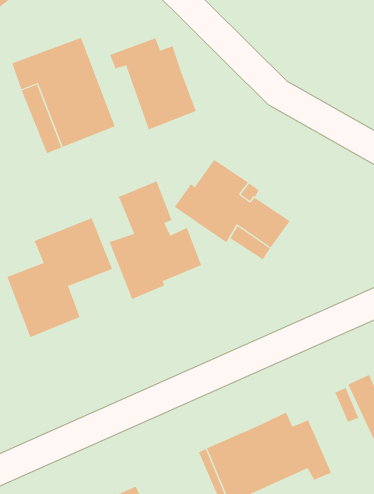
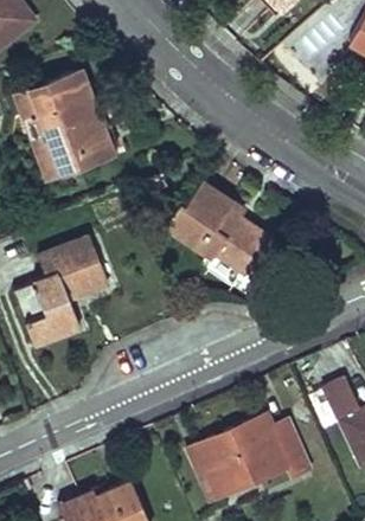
building: [110,37,196,130] -> none
building: [109,180,202,300] -> none

